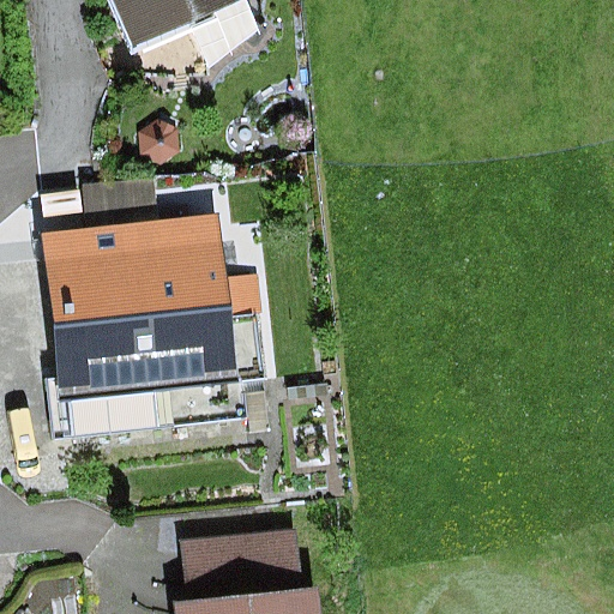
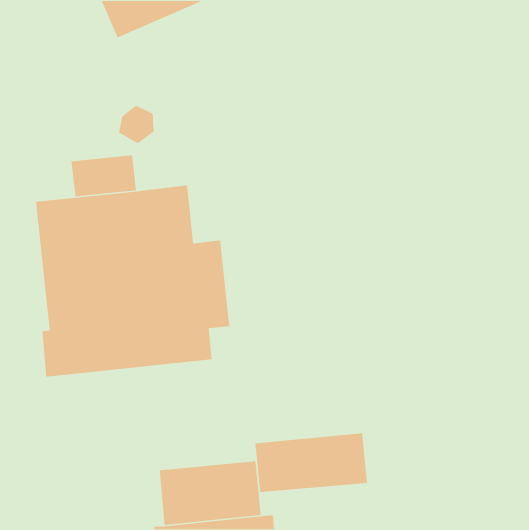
building: none -> [254,432,368,493]

